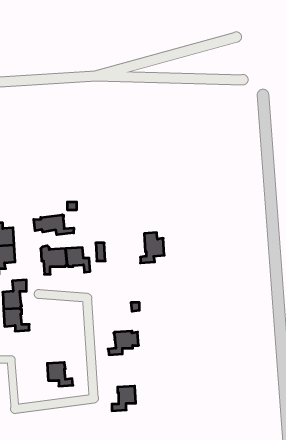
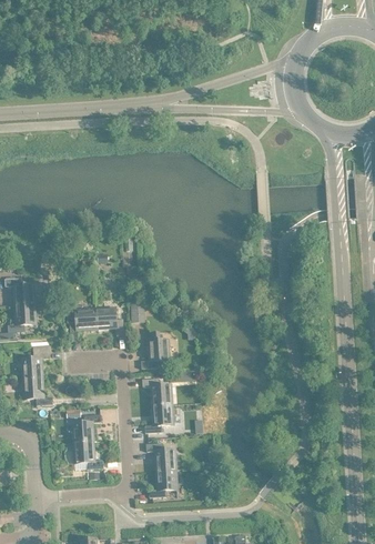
building: [34,215,74,235] -> none
building: [140,233,164,263] -> [141,332,169,367]
building: none -> [142,377,172,405]
building: none -> [72,414,100,442]
building: none -> [145,442,175,470]

